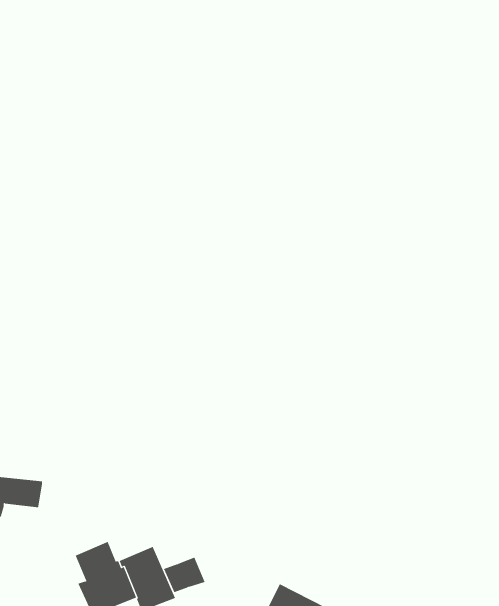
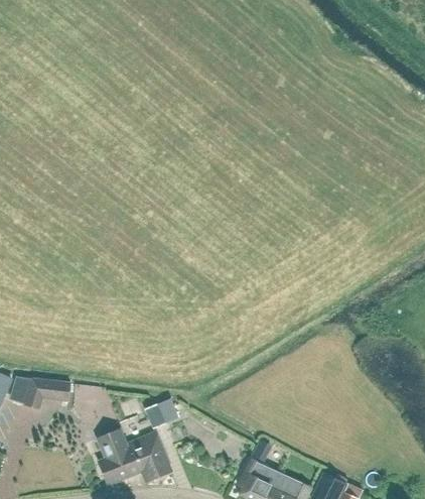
building: [163,557,206,593] -> [146,399,178,426]

